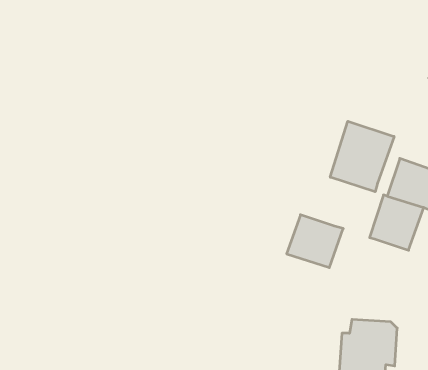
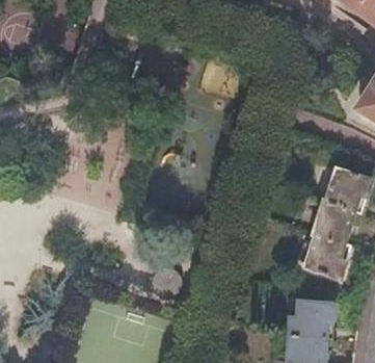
building: [330,121,394,192] -> none
building: [287,215,343,268] -> [304,235,351,279]

